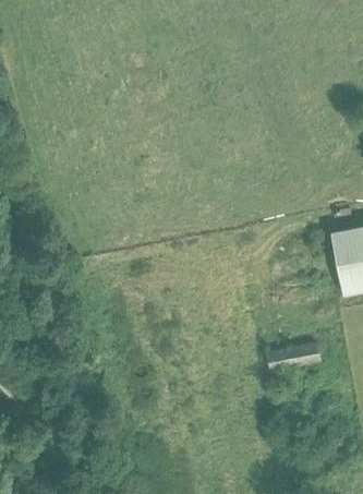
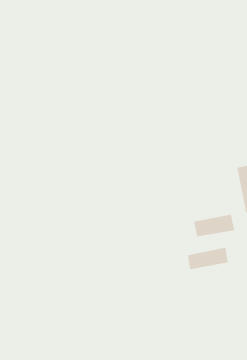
building: none -> [194,214,235,237]

